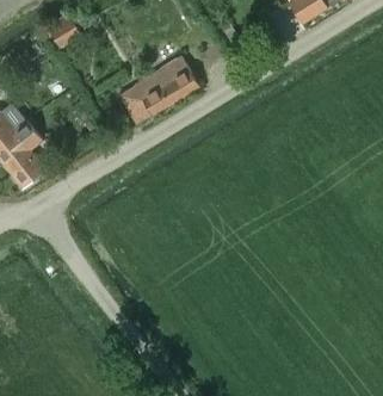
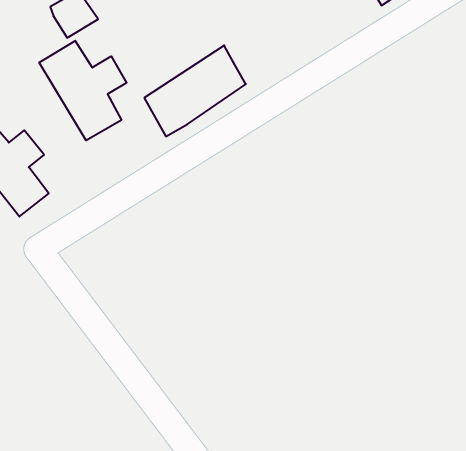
building: none -> [39,41,127,140]

